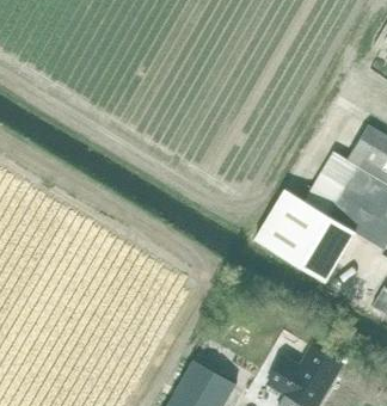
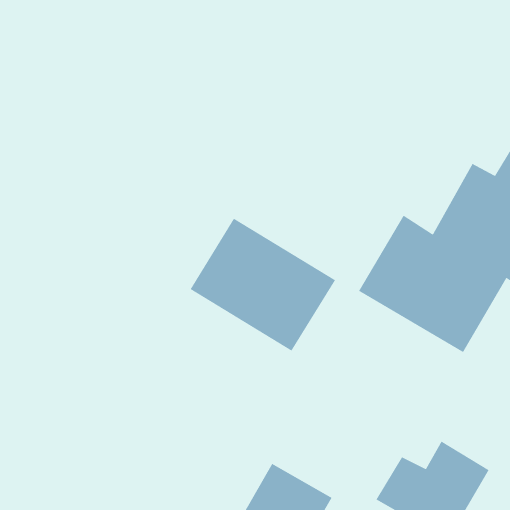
building: none -> [190,218,336,352]

